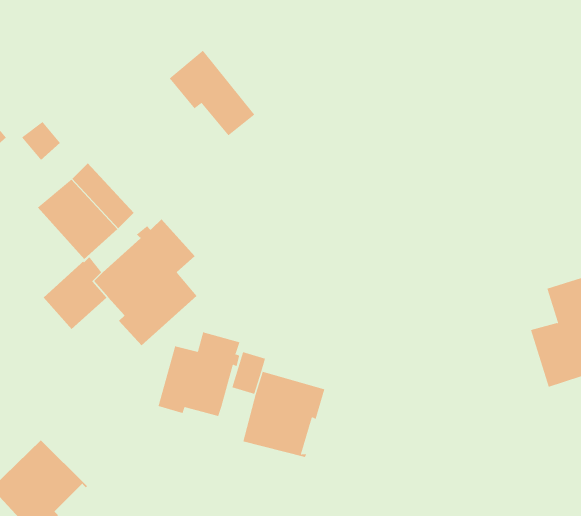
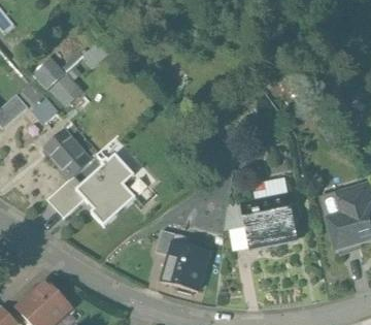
building: [169,50,255,136] -> [35,54,85,103]
building: none -> [241,194,298,246]
building: [158,331,240,417] -> none

